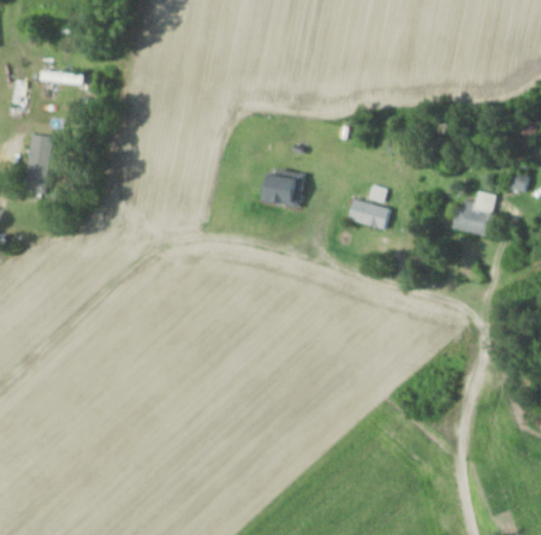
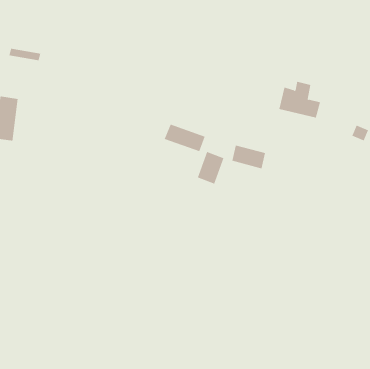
building: [450,190,506,239] -> [279,81,321,118]
building: none -> [197,151,224,184]

